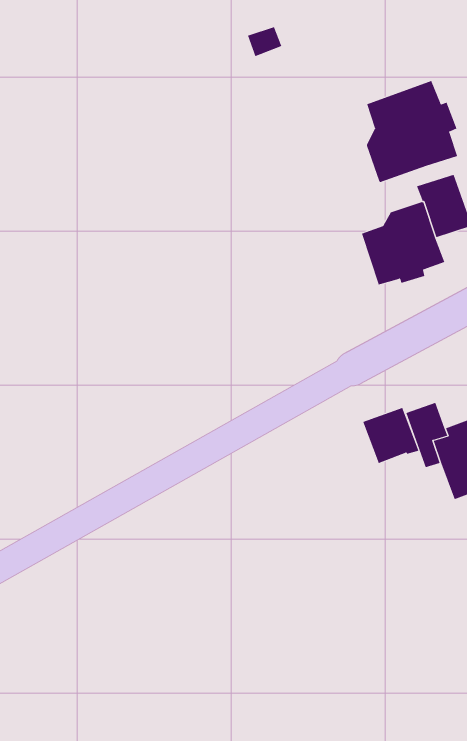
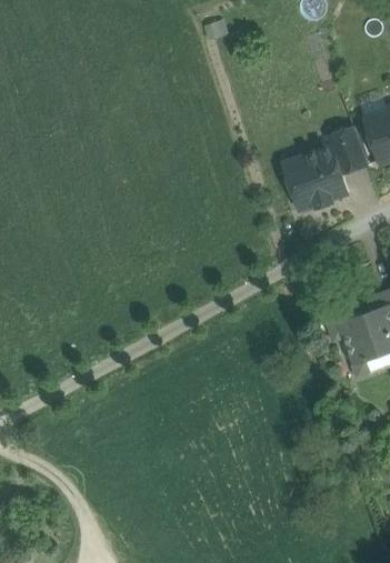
building: [366,80,458,183] -> none
building: [363,407,419,464] -> none

